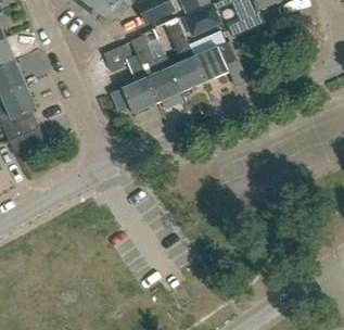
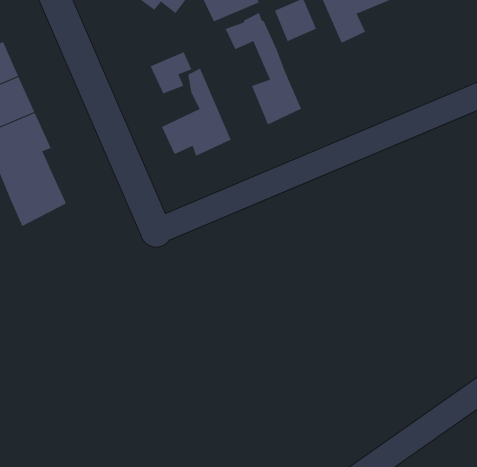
building: [129,28,180,102] -> none
building: [187,38,237,81] -> none

